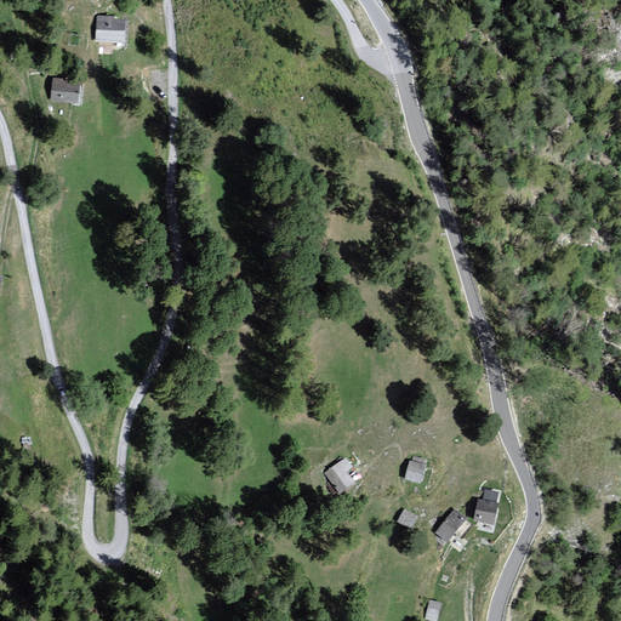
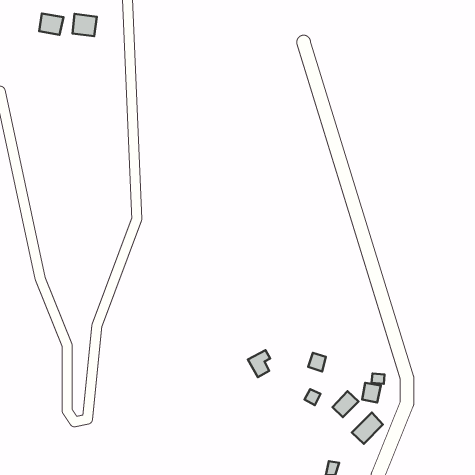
building: [53,80,85,108] -> [39,13,63,35]
building: none -> [352,413,383,444]

